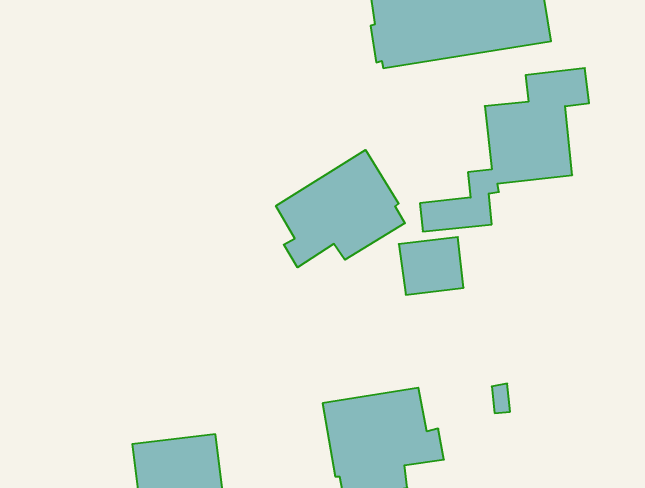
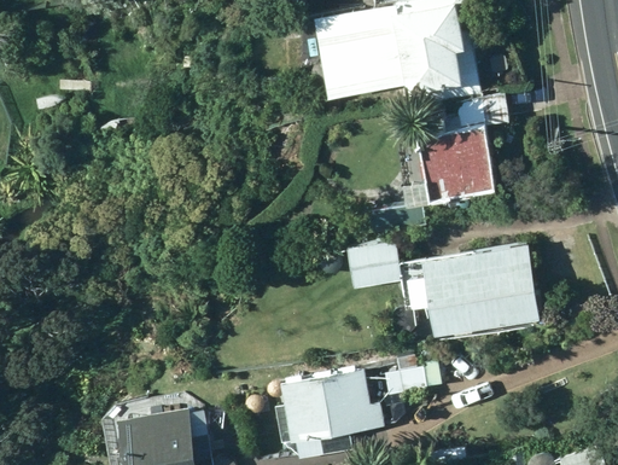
building: [276,150,405,267] -> none
building: none -> [407,244,537,335]

